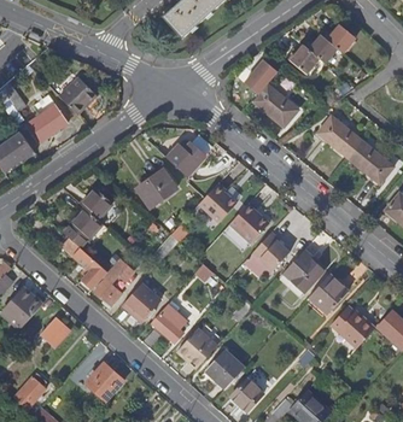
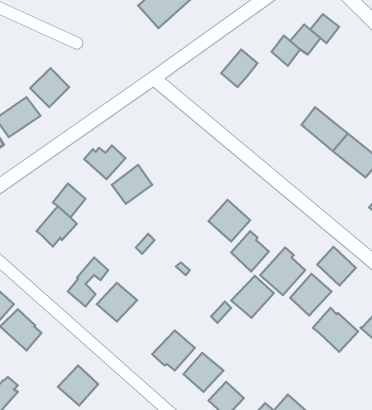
building: [253,83,297,124] -> none
building: [165,142,205,175] -> [84,145,125,179]
building: [199,182,238,222] -> none
building: [62,236,107,292] -> none
building: none -> [317,247,356,286]
building: none -> [231,276,274,318]
building: [153,305,186,341] -> none

